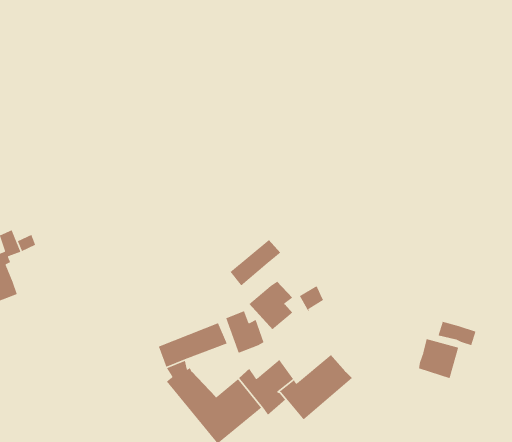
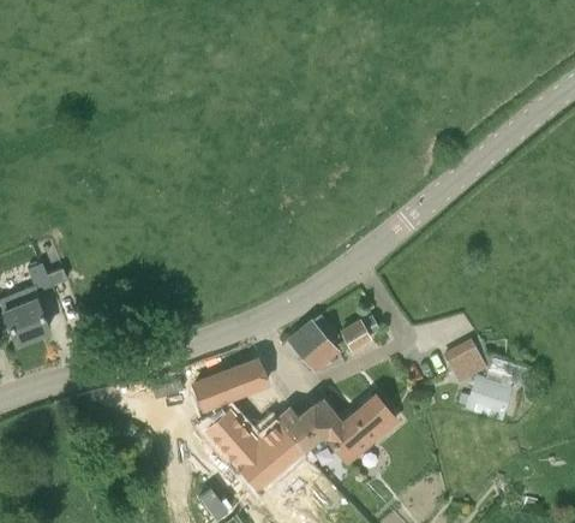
building: [229,239,281,286] -> none
building: none -> [444,339,487,382]
building: [225,310,264,354] -> none

